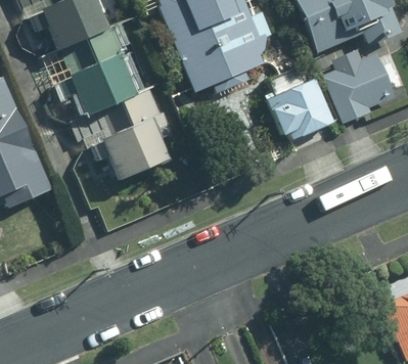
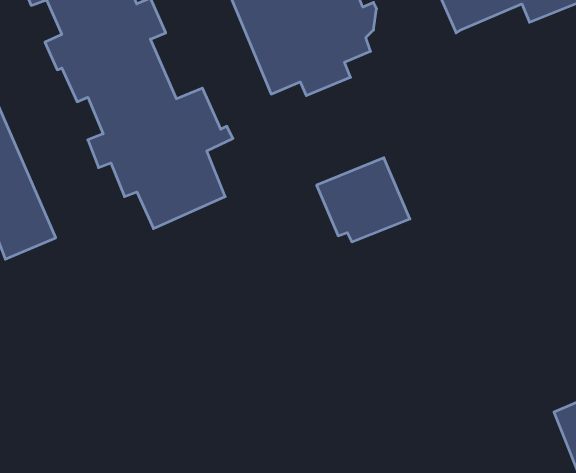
building: [325,53,395,121] -> none
building: [269,81,331,137] -> [317,158,410,242]

